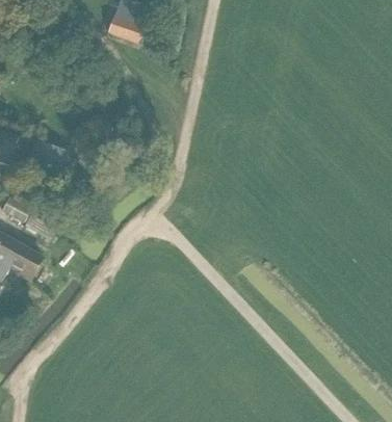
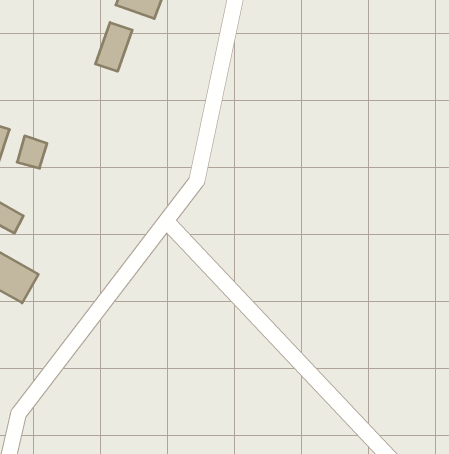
building: none -> [95,22,132,71]

